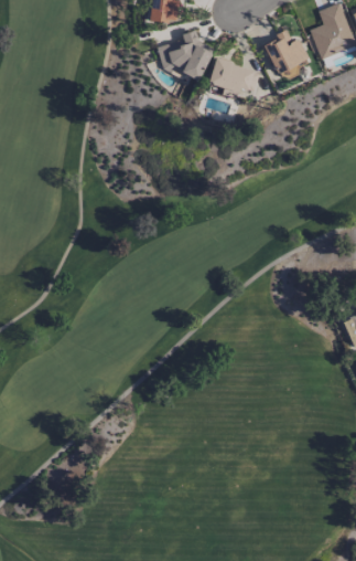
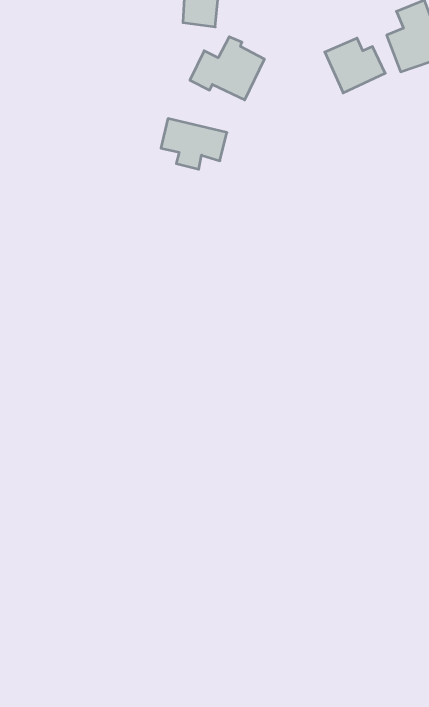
building: [208,60,260,99] -> [161,119,227,169]

